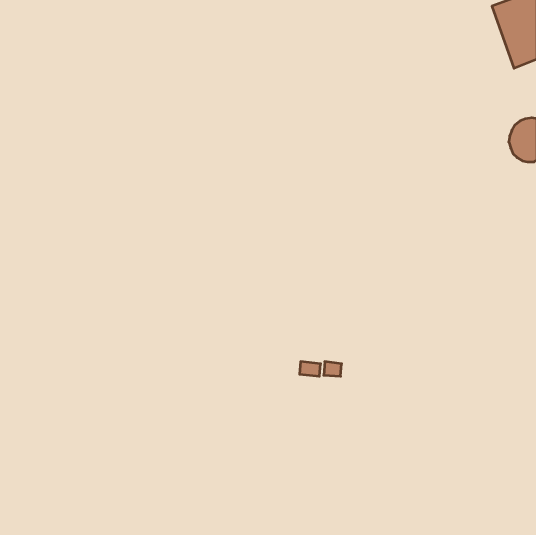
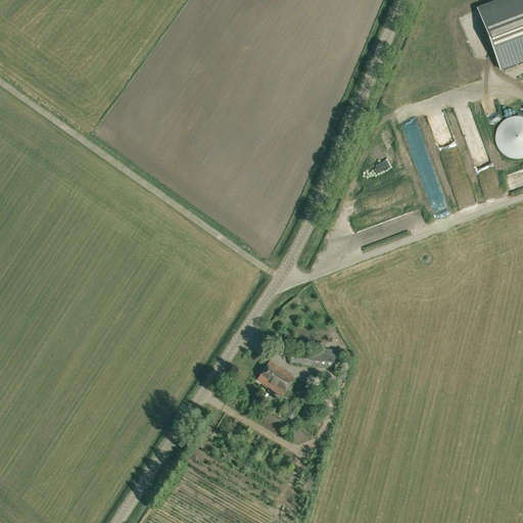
building: none -> [258,361,295,395]

